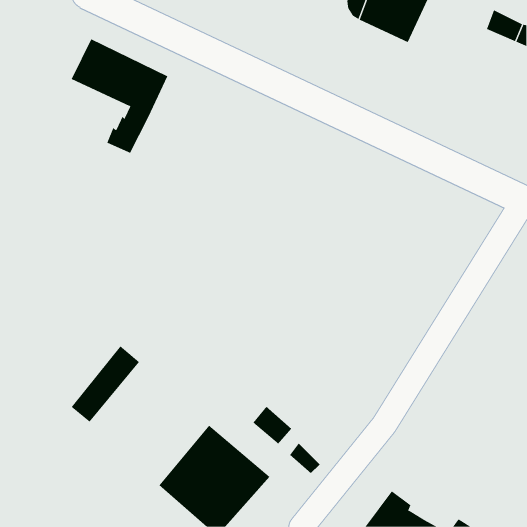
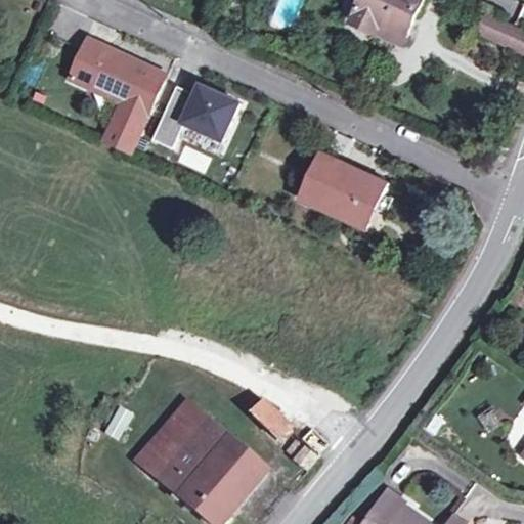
building: none -> [151,86,241,148]
building: none -> [306,161,391,232]
building: [71,345,140,423] -> [137,400,205,476]

